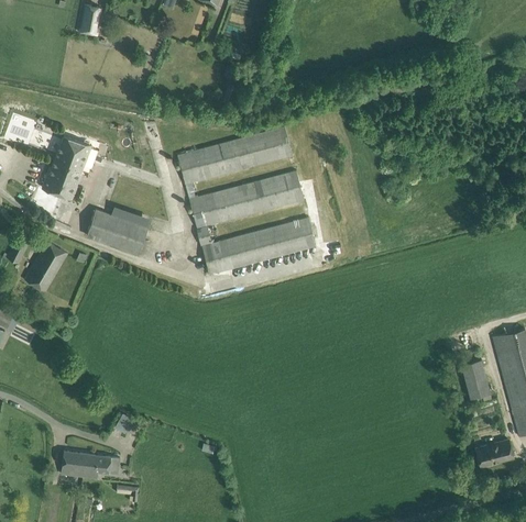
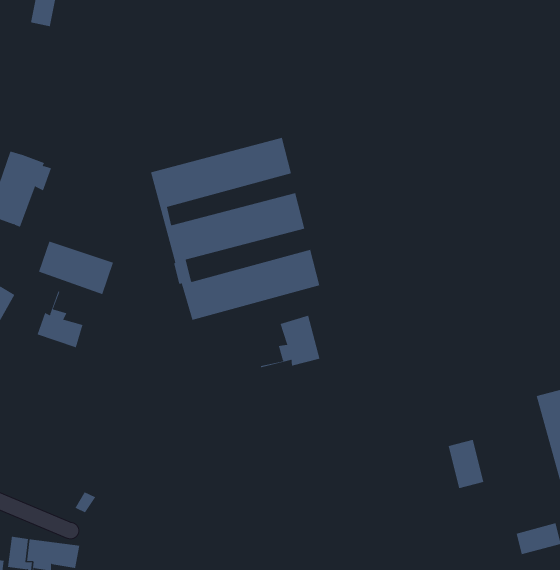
building: none -> [37,290,83,348]
building: none -> [260,315,320,368]
building: [459,358,489,399] -> [448,439,484,489]

